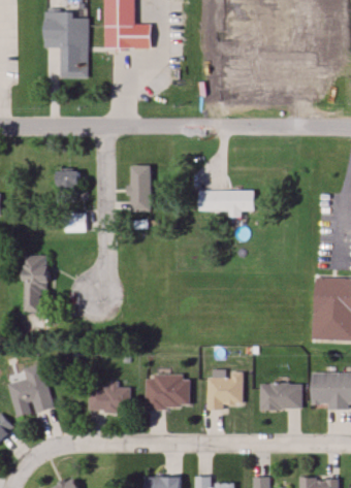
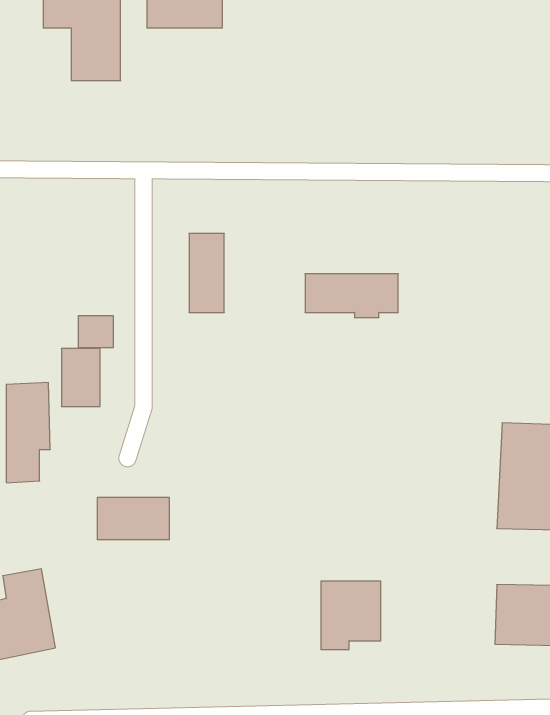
building: [58,170,81,204] -> [61,349,100,406]
building: [146,376,191,409] -> none
building: [260,384,302,410] -> none
building: [89,387,131,412] -> [97,497,169,540]

